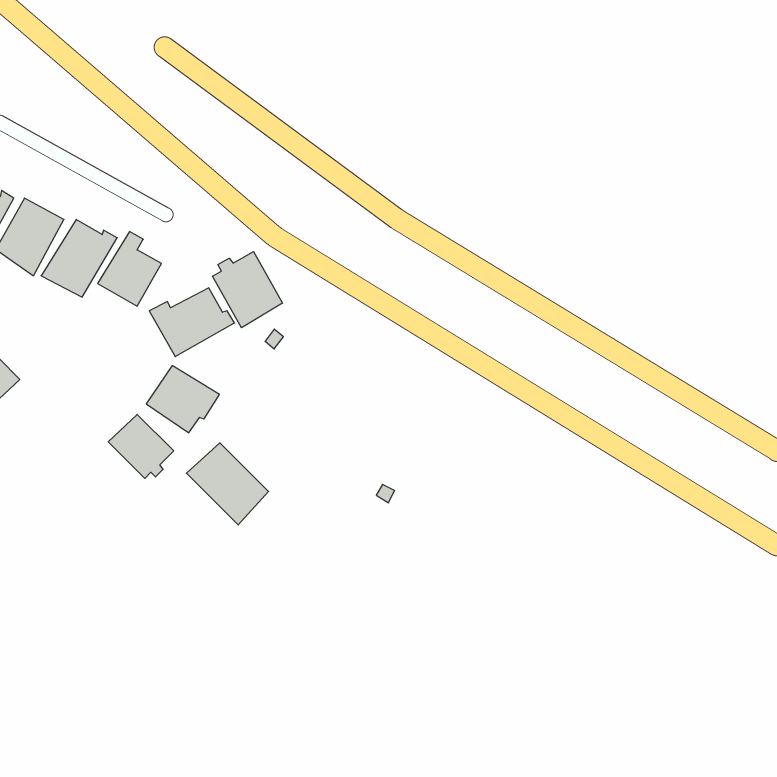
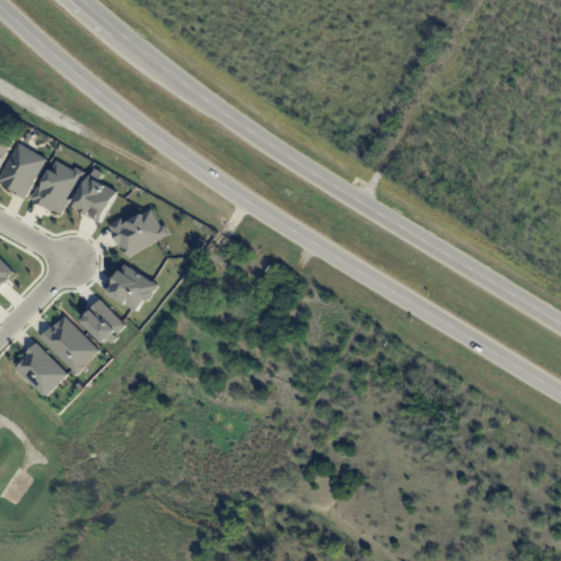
building: [213,252,282,328] -> none
building: [186,443,269,525] -> [39,314,99,374]
building: none -> [14,342,68,398]

